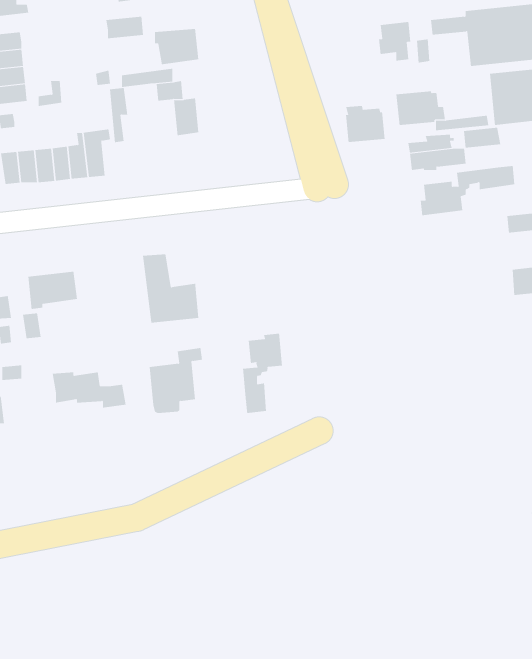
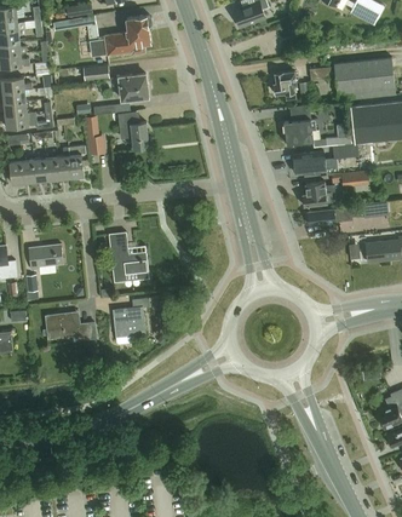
building: [346,105,385,143] -> none
building: none -> [308,207,351,228]
building: [243,333,283,414] -> none

